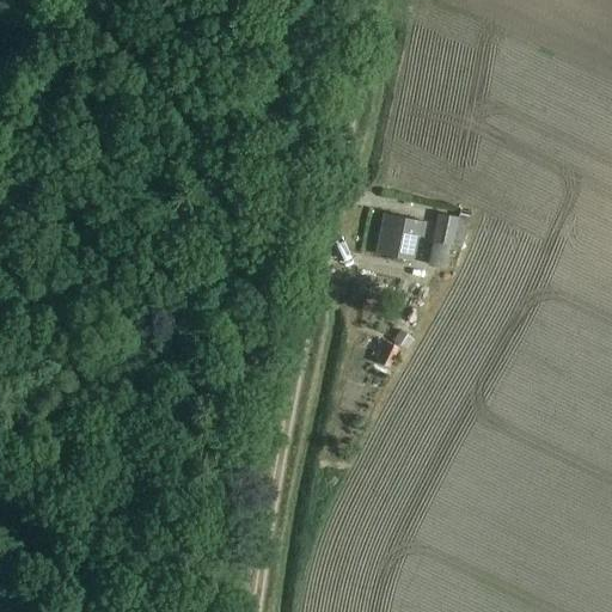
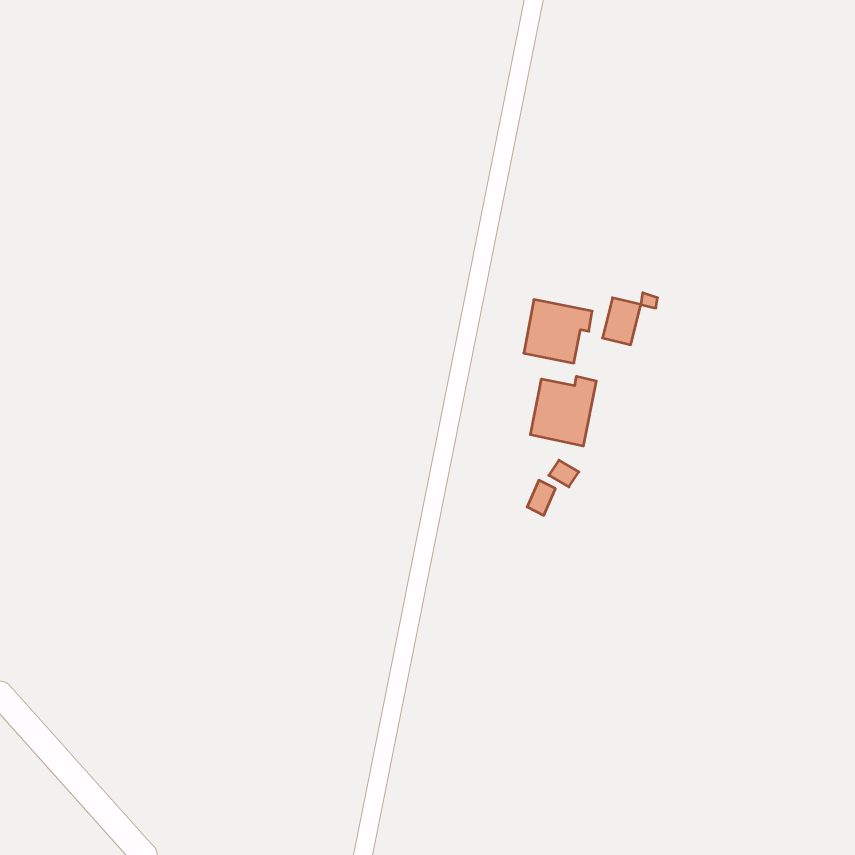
building: none -> [530,376,596,446]

